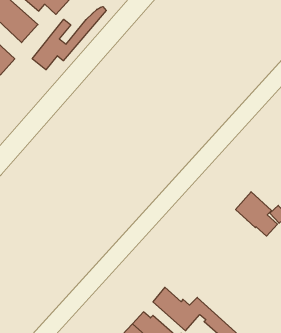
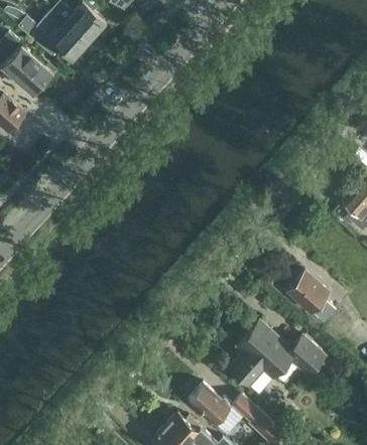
building: [32,7,106,70] -> none
building: none -> [229,322,324,395]

